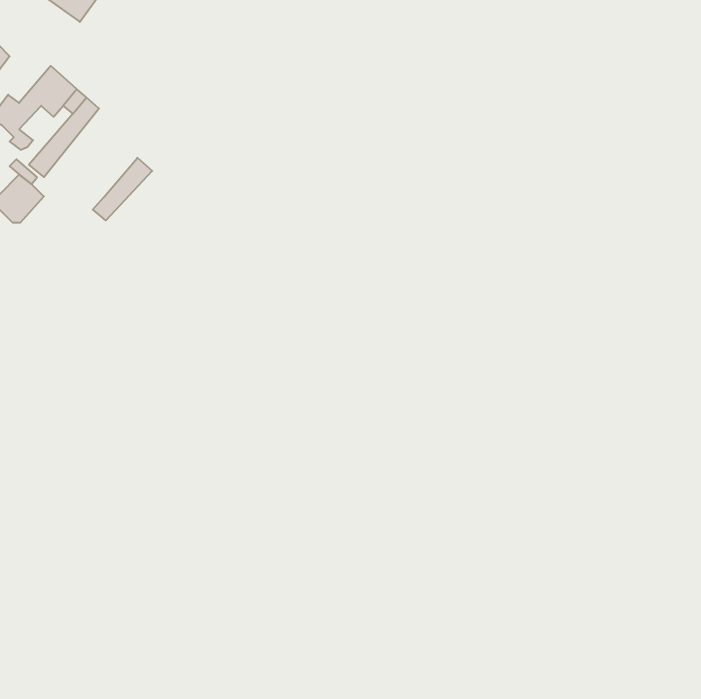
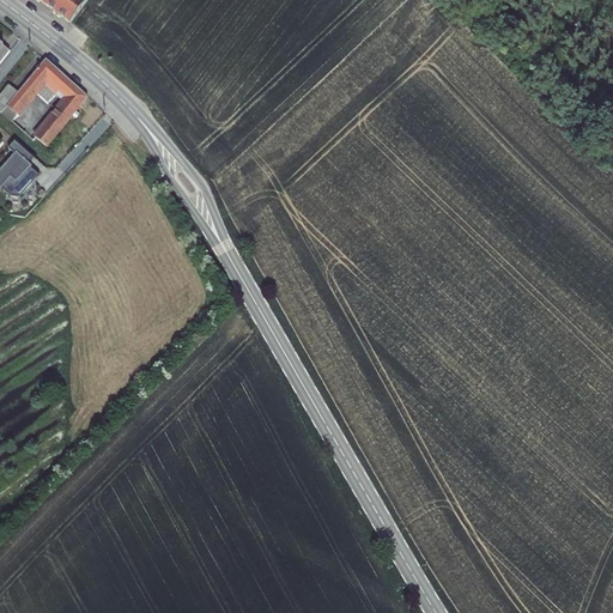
building: [93,158,152,220] -> none

